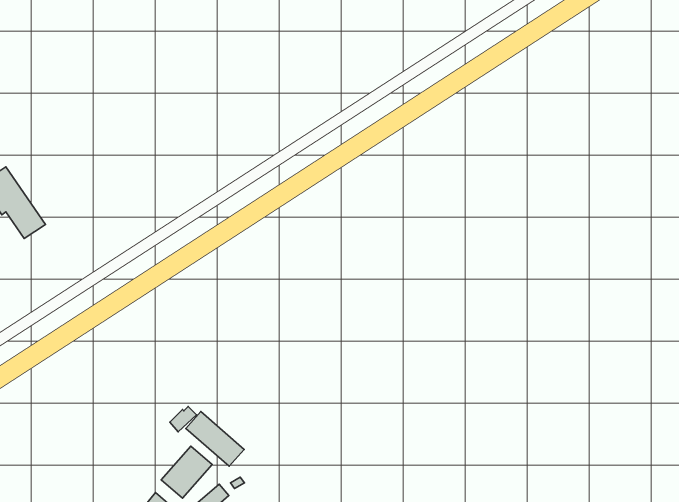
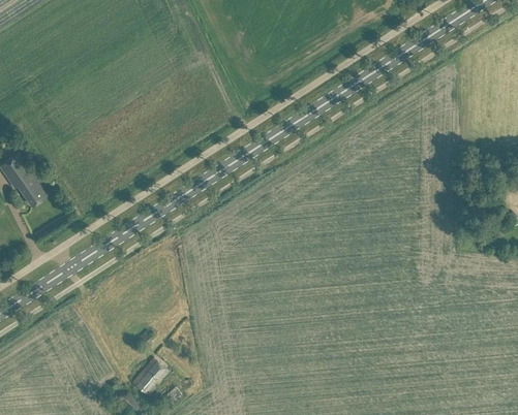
building: [186,412,244,466] -> none

